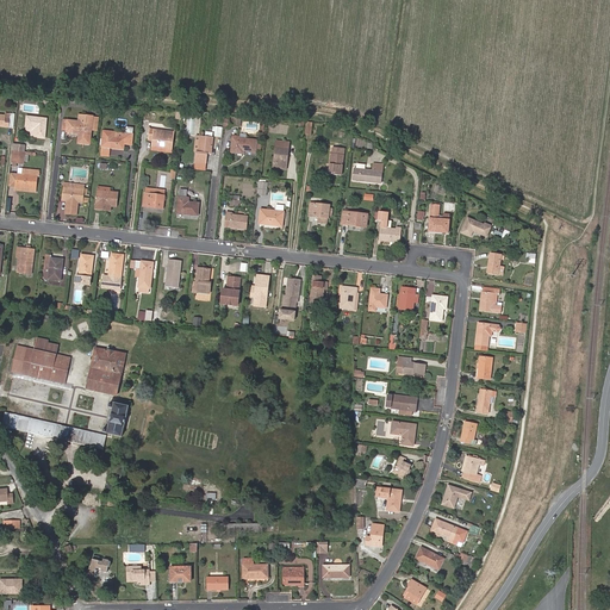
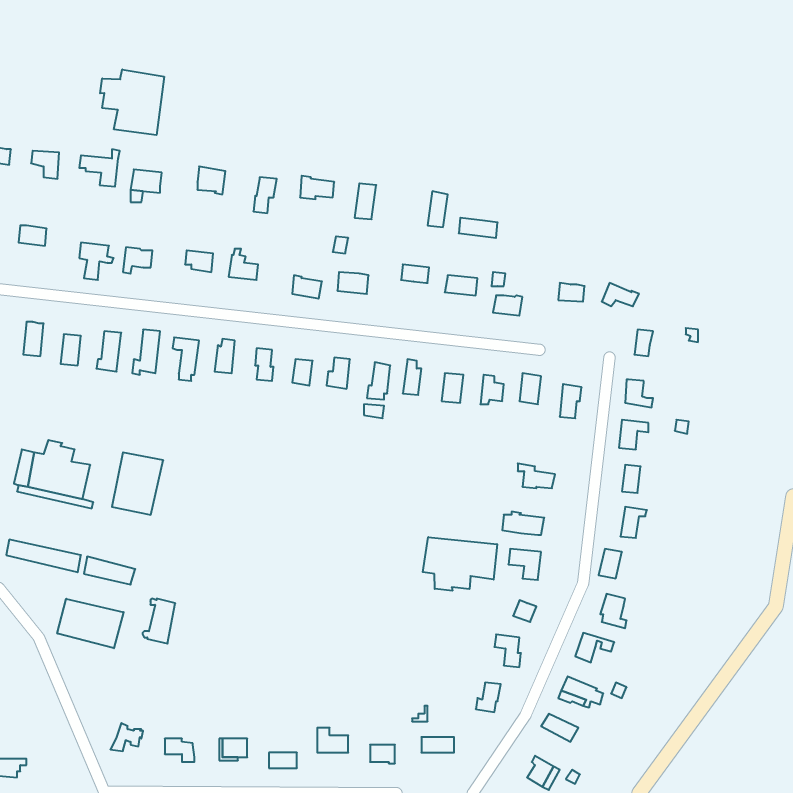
building: none -> [100,69,164,135]
building: [102,402,127,436] -> [143,599,175,644]
building: none -> [423,537,497,591]
building: none -> [57,599,124,648]

